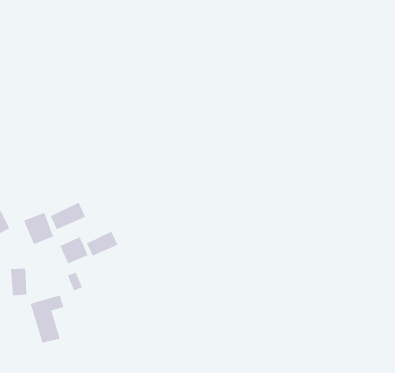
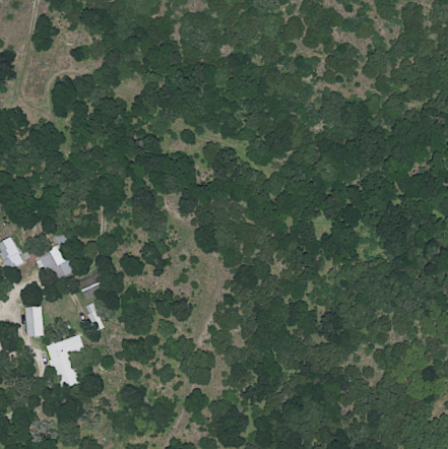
building: [50,202,86,230] -> none
building: [86,231,118,257] -> none

